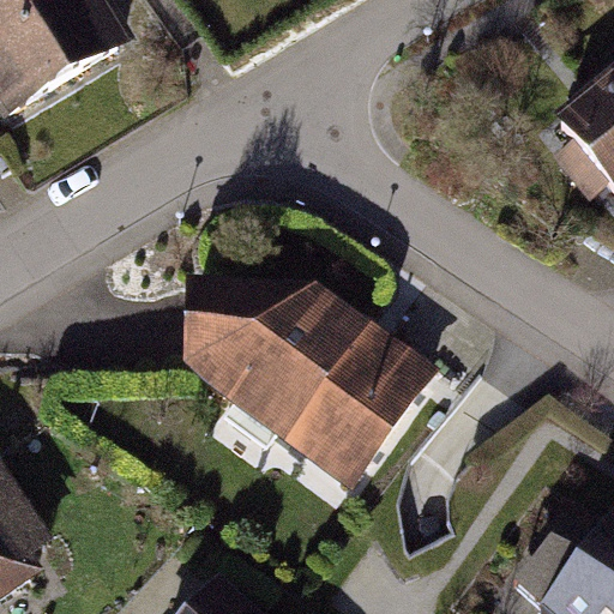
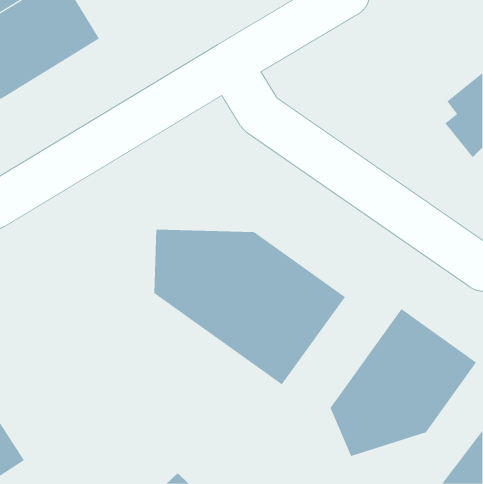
building: none -> [330,308,477,457]

